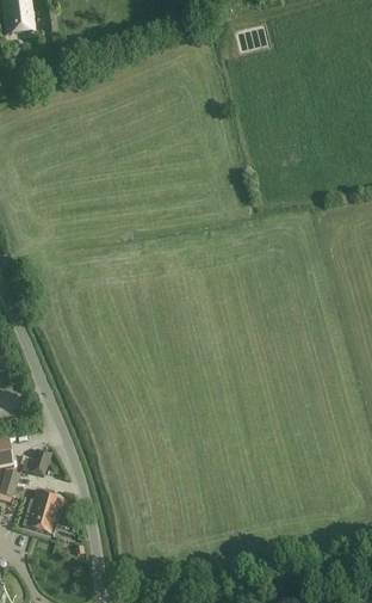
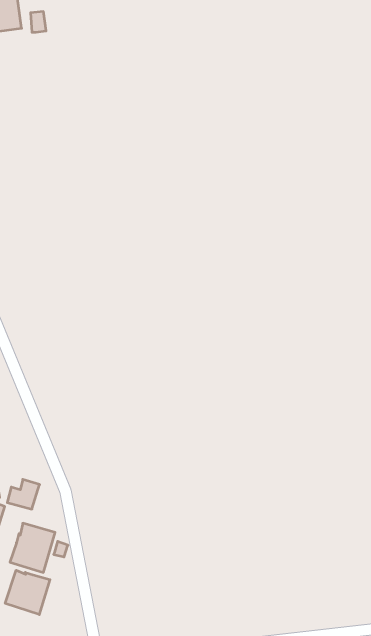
building: none -> [5,570,50,615]

